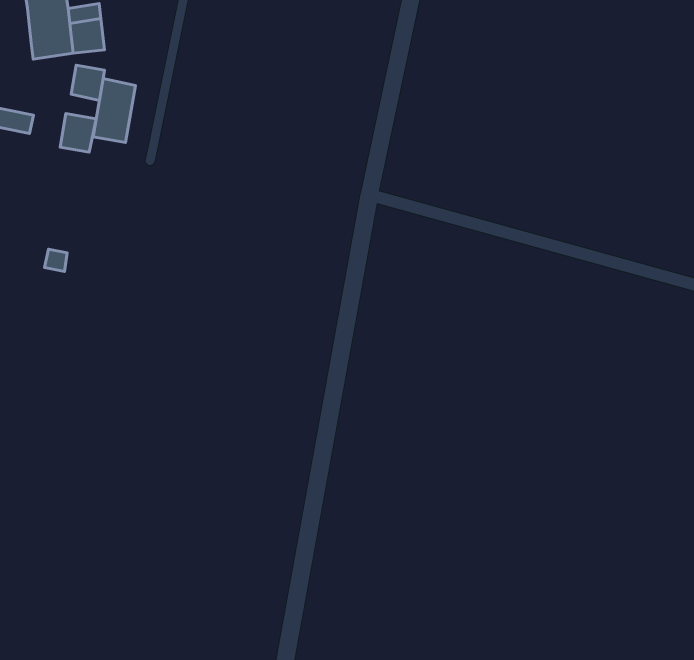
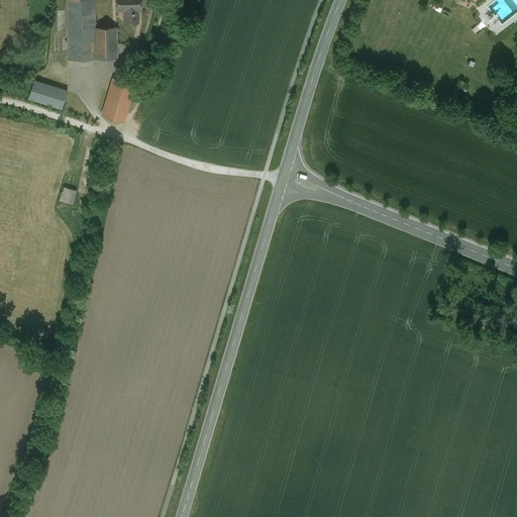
building: [71,65,105,101] -> none
building: [60,113,96,152] -> none

